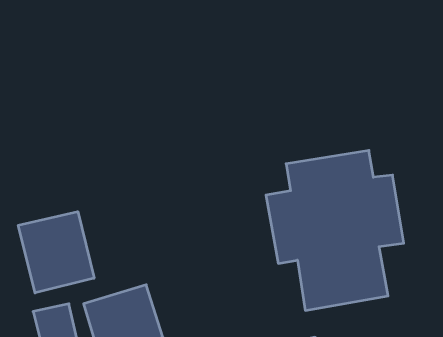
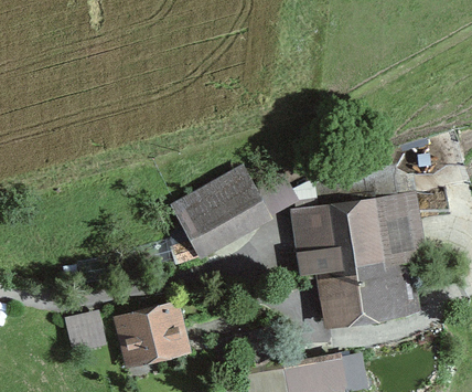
building: none -> [172,163,298,254]
building: [18,212,94,293] -> none

